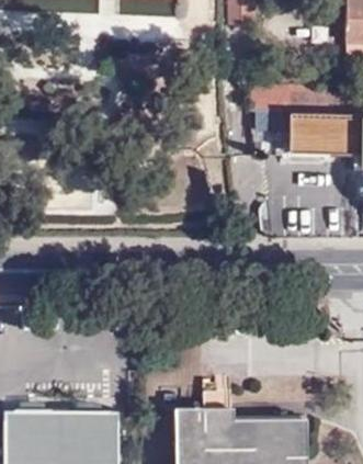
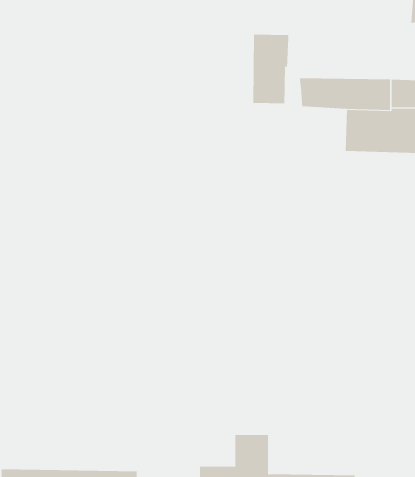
building: none -> [253,34,289,104]

